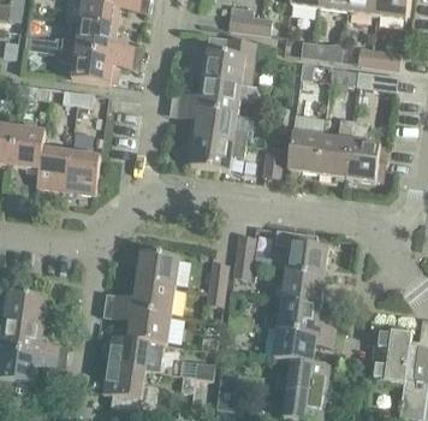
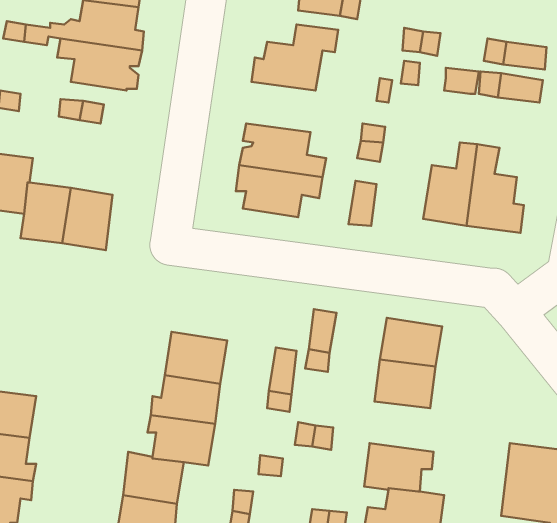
building: [192,77,258,112] -> none
building: [287,131,321,172] -> none
building: [263,298,323,333] -> none

